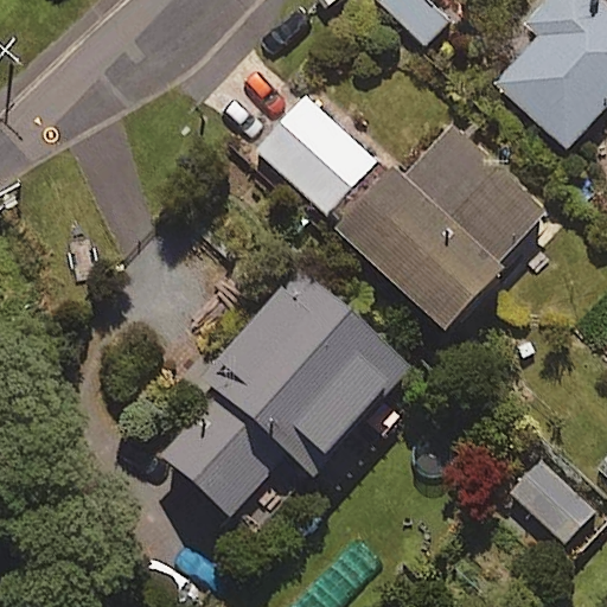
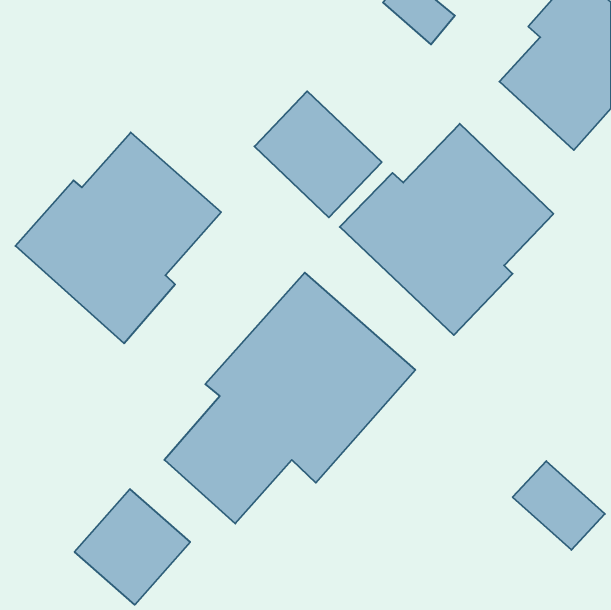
building: none -> [15,132,221,343]
building: none -> [75,489,190,605]

